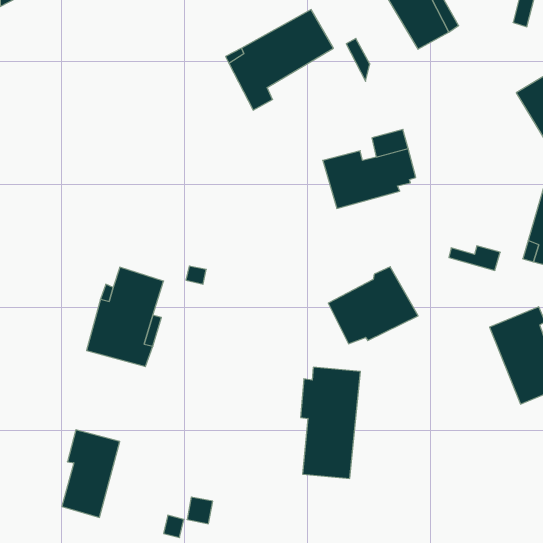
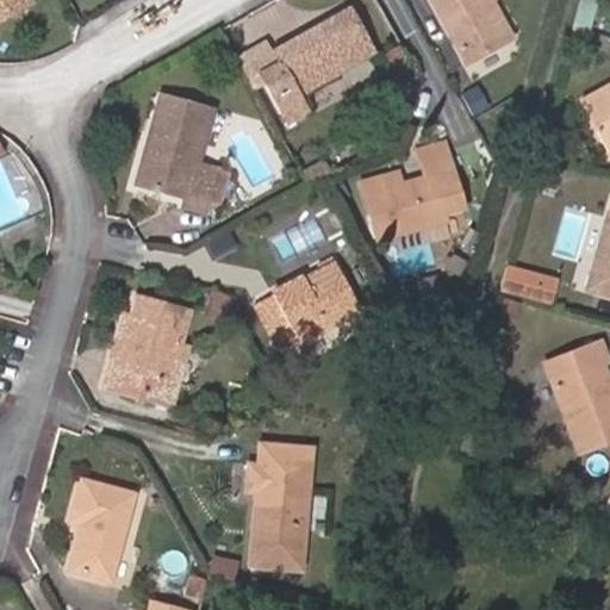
building: none -> [136,93,217,211]
building: [328,267,418,344] -> [260,261,360,347]
building: [301,367,360,478] -> [243,443,310,567]

